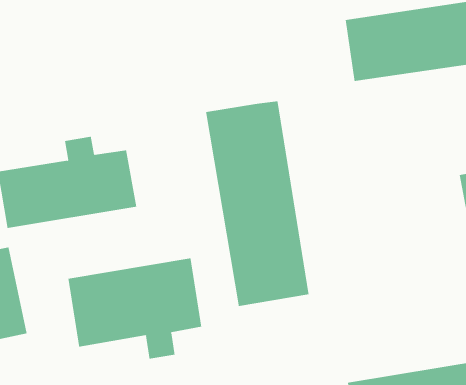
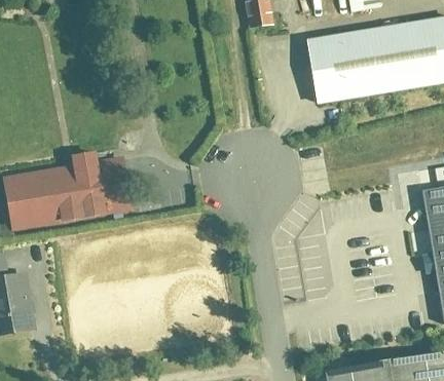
building: [205,101,309,307] -> none
building: [68,258,202,360] -> none

